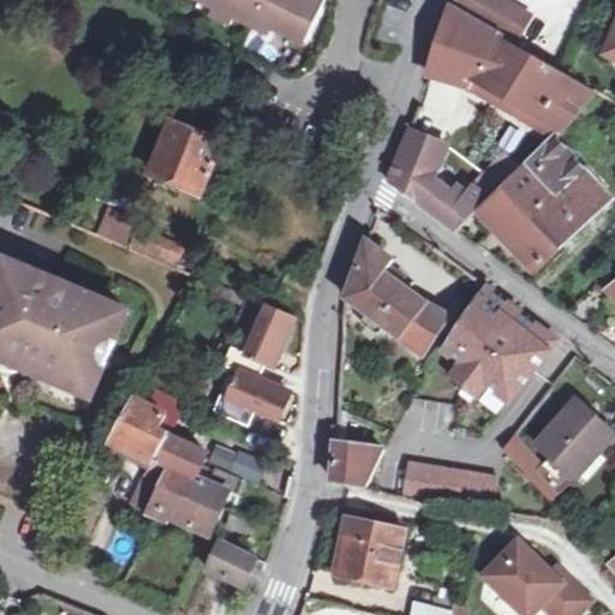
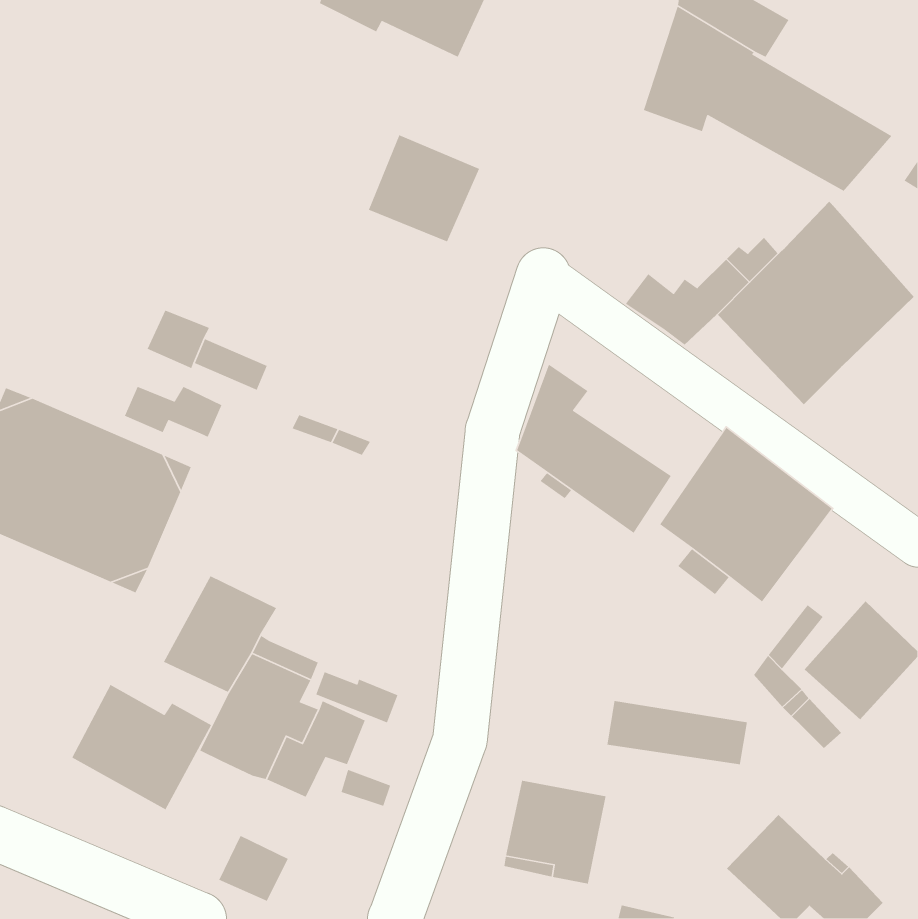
building: [147,119,221,191] -> [368,134,480,243]
building: [384,130,443,202] -> none
building: none -> [124,386,223,438]
building: [213,303,294,424] -> none
building: [329,442,381,486] -> none
building: none -> [71,684,212,810]
building: [204,538,251,583] -> [218,835,289,902]

